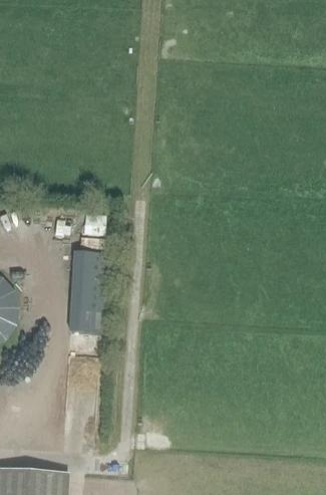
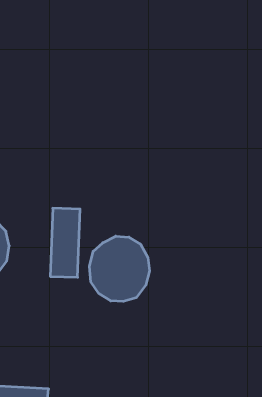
building: none -> [89,236,150,301]

